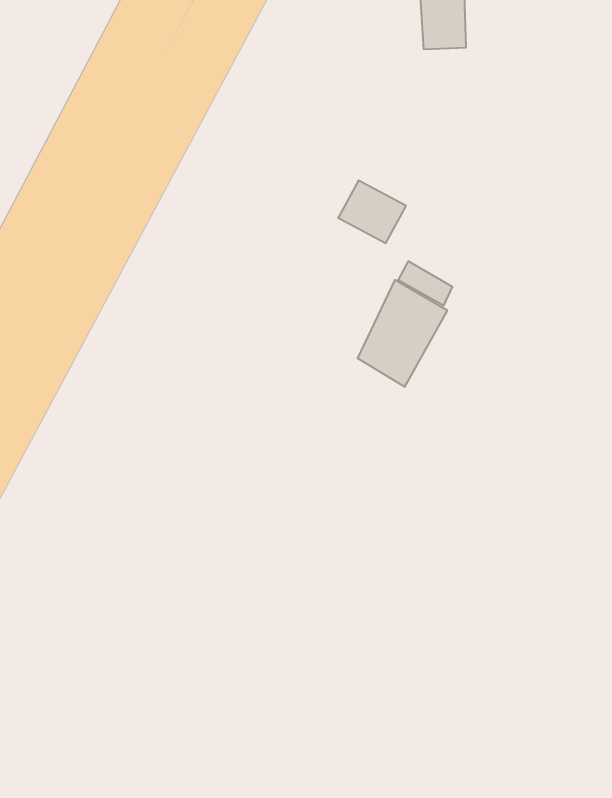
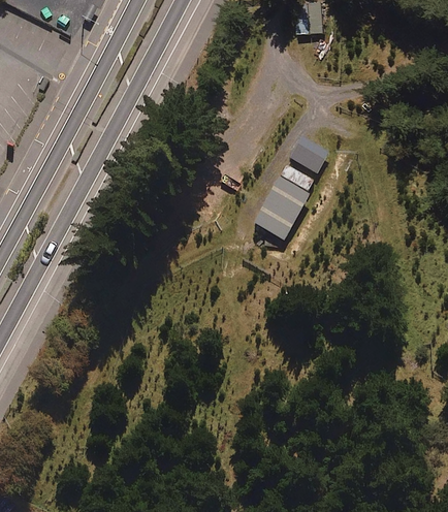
building: [338,180,406,243] -> [288,135,329,173]

